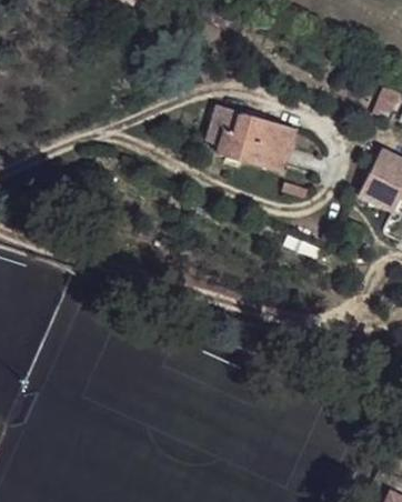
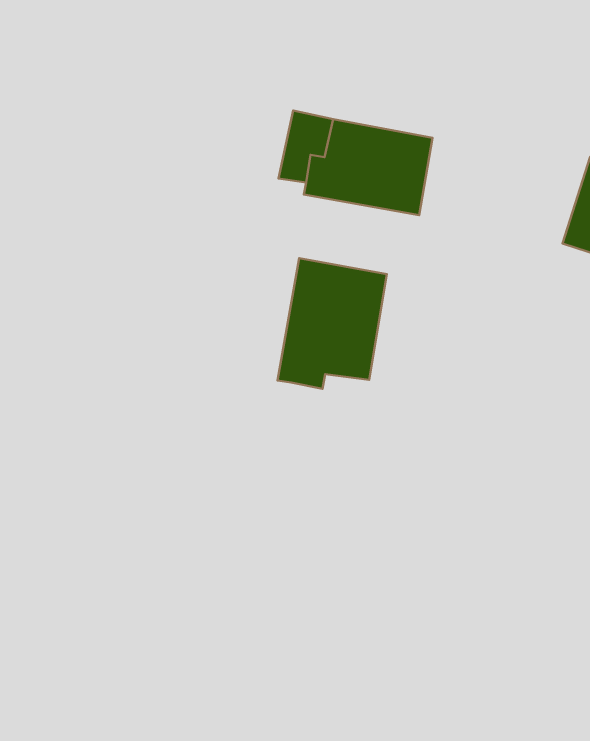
building: none -> [277,258,387,389]

